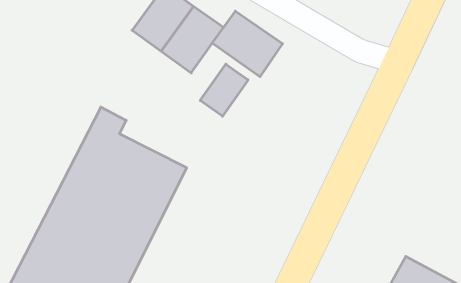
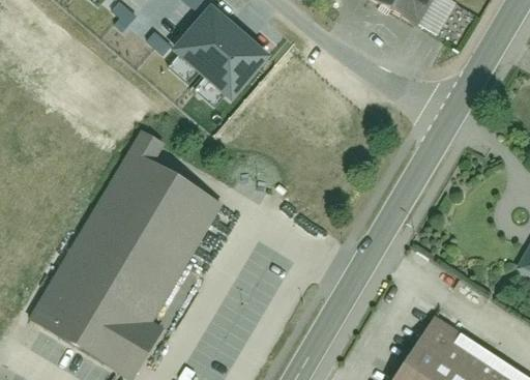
building: [212,11,283,77] -> none
building: [200,64,248,116] -> none

